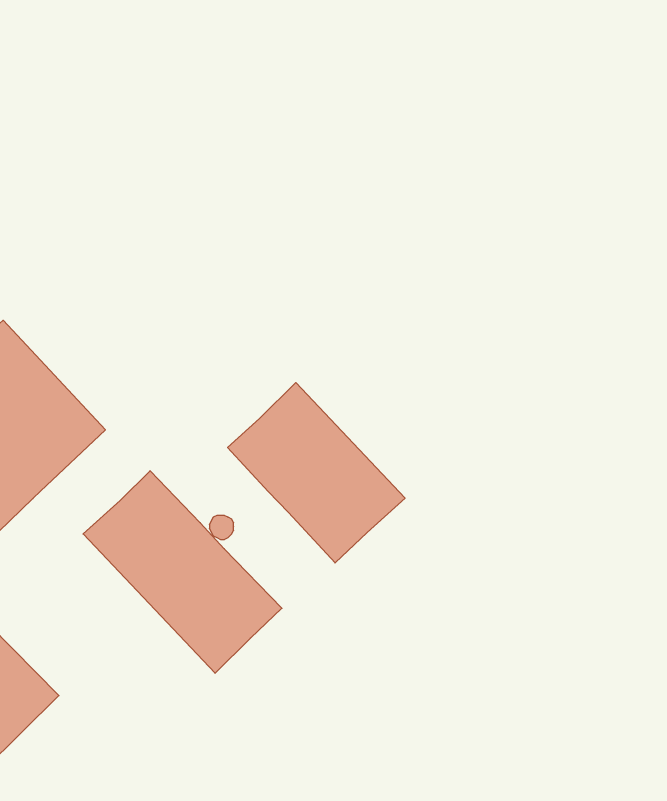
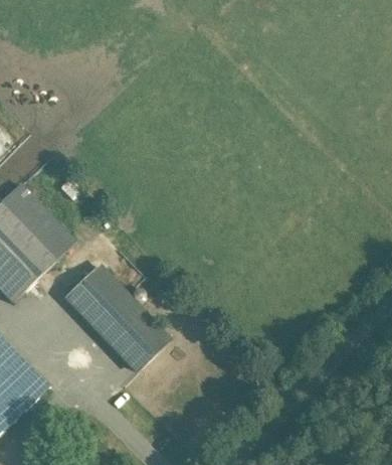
building: [228,383,405,563] -> none

